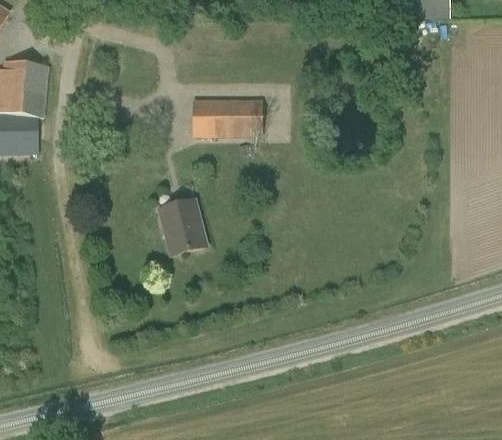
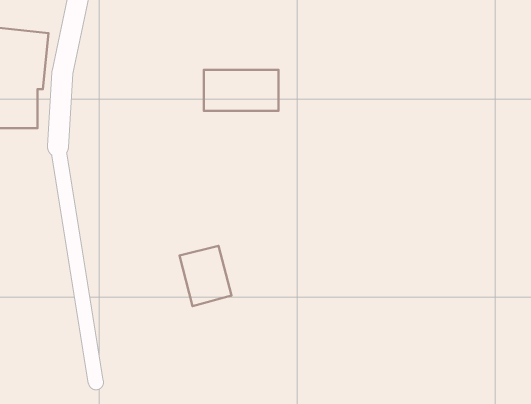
building: [158,199,206,255] -> [180,246,231,306]

